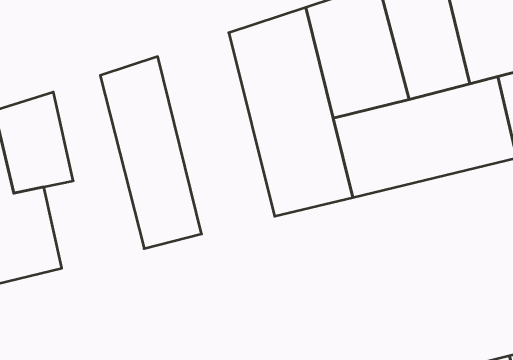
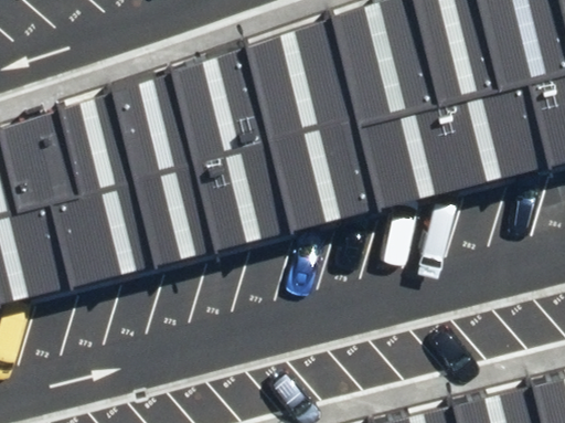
building: none -> [170,42,294,255]
building: none -> [50,87,156,292]

